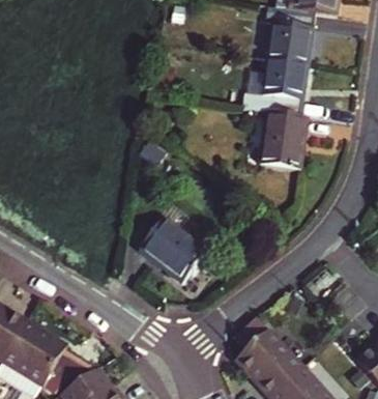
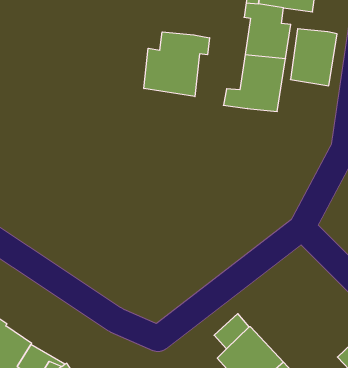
building: none -> [144,32,210,97]
building: [262,111,309,168] -> [290,29,337,86]
building: [141,212,206,277] -> none

